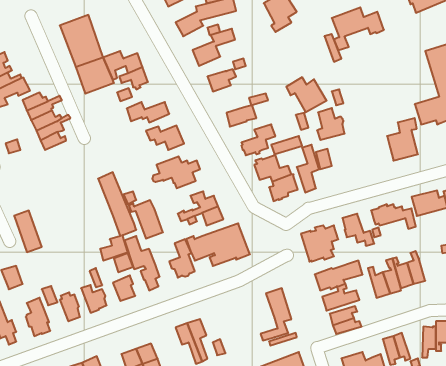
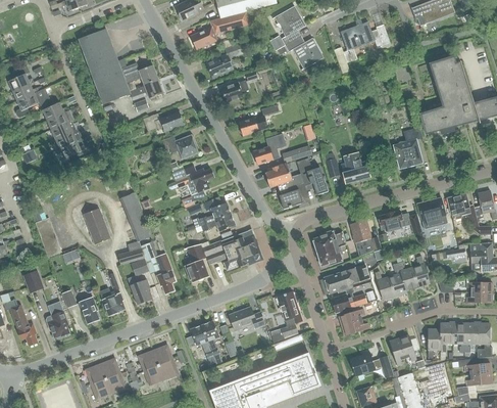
building: [286,77,327,112] -> [286,36,325,70]
building: [317,108,345,140] -> [343,152,369,183]
building: [129,200,163,239] -> [78,208,110,244]
building: none -> [229,307,265,331]

